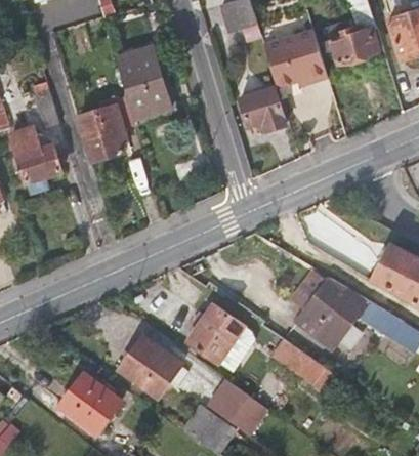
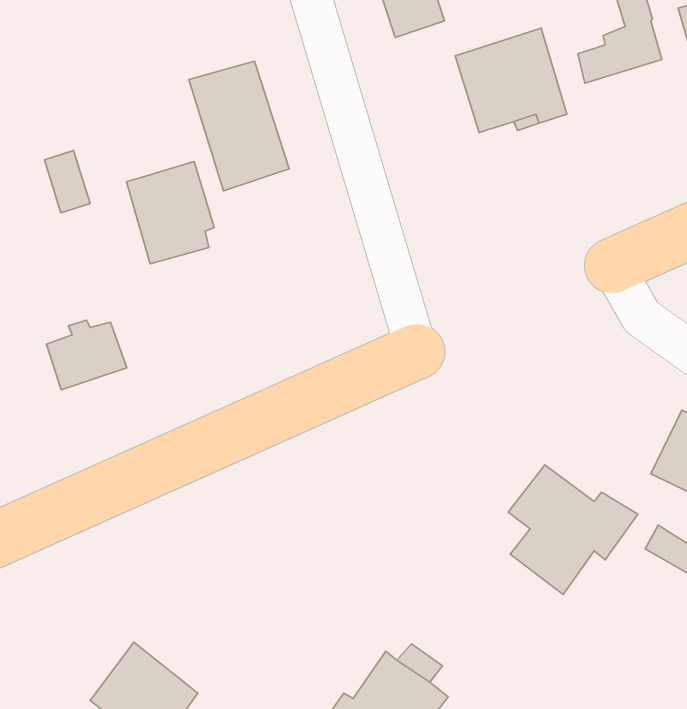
building: [240,89,284,131] -> none
building: [14,143,59,182] -> [46,320,127,390]
building: [186,302,252,362] -> none
building: [120,336,182,399] -> none
building: [277,341,332,387] -> none

